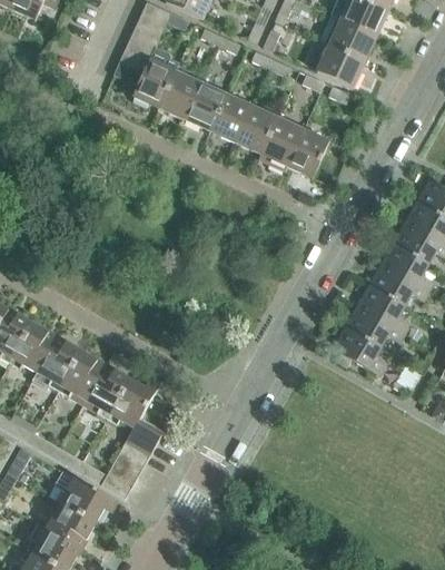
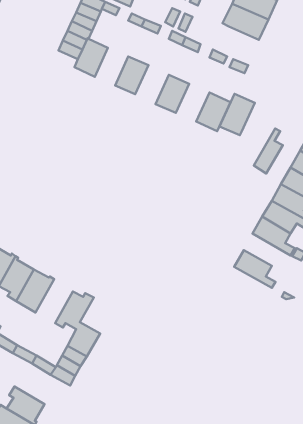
building: [316,43,365,87] -> none
building: [158,70,200,118] -> none
building: [209,92,251,141] -> none
building: [258,116,303,168] -> [219,94,255,135]
building: none -> [254,129,283,173]
building: [346,305,405,346] -> none
building: [83,363,130,419] -> none
building: [57,476,115,521] -> none

